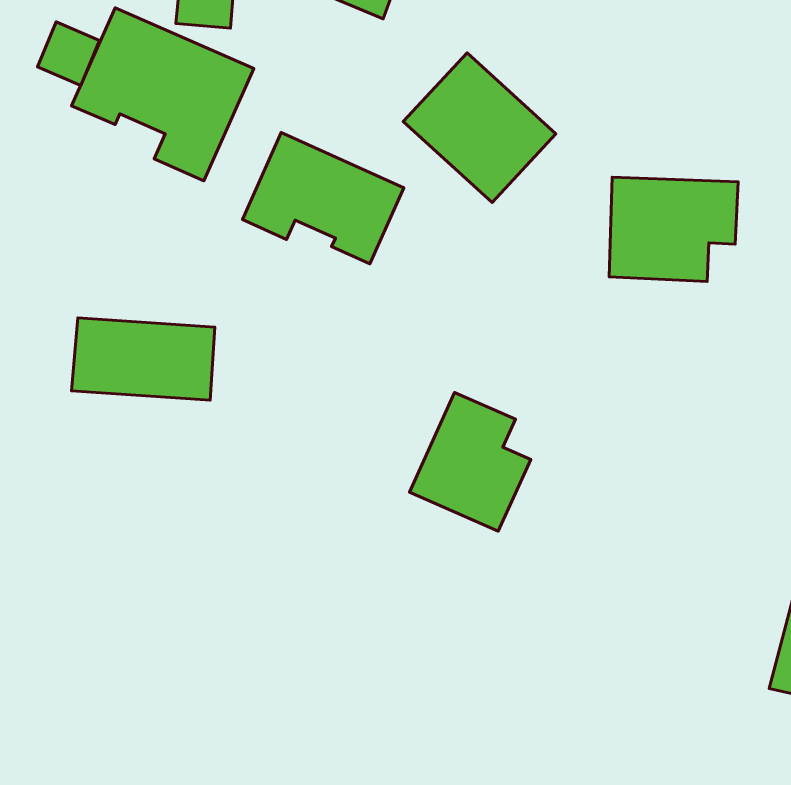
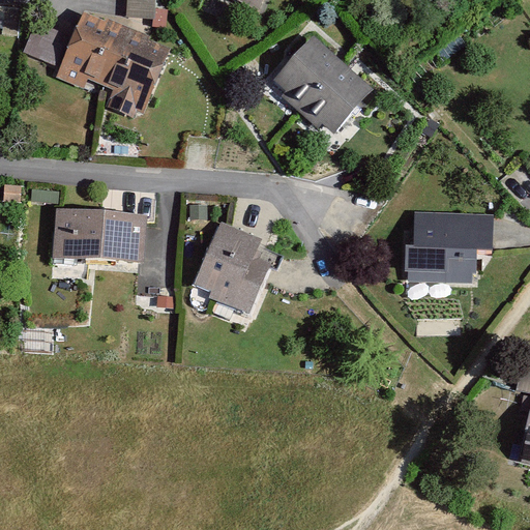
building: [242,133,404,264] -> none
building: [609,177,738,282] -> [408,211,494,281]
building: [409,393,531,531] -> [189,220,270,313]

